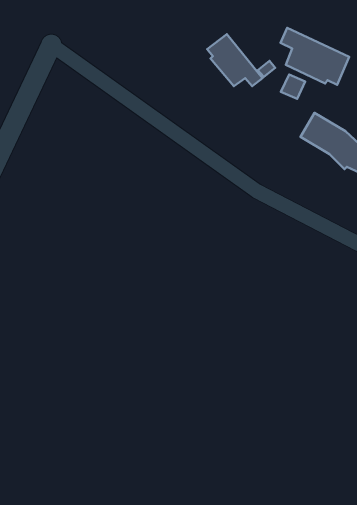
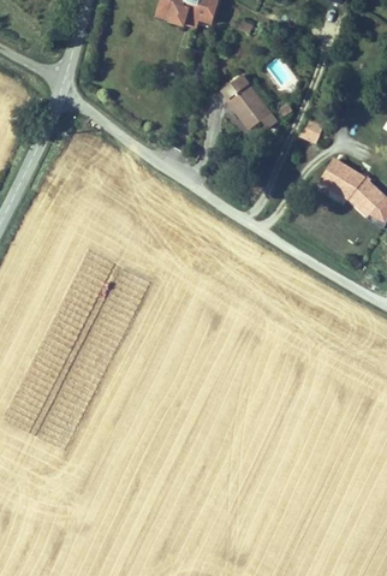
building: [281,28,349,85] -> none

